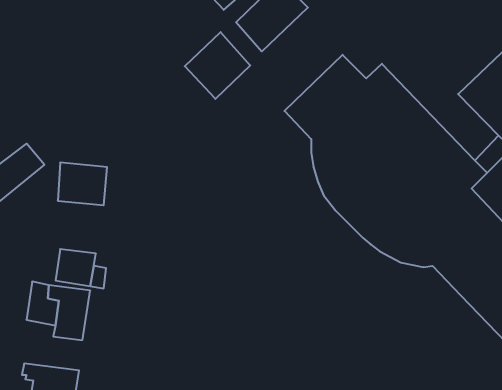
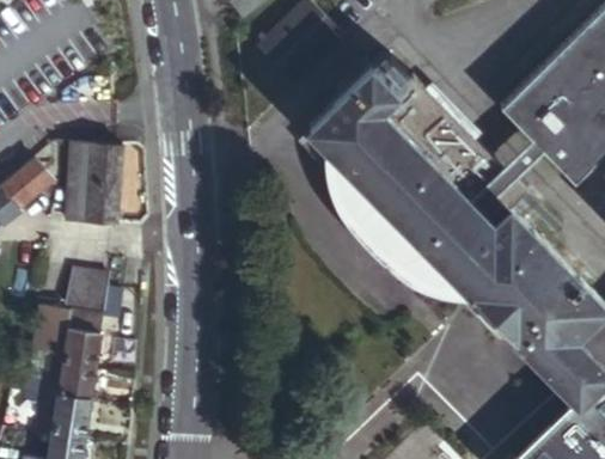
building: [185,32,250,99] -> none
building: none -> [72,142,126,186]
building: none -> [33,365,96,403]

